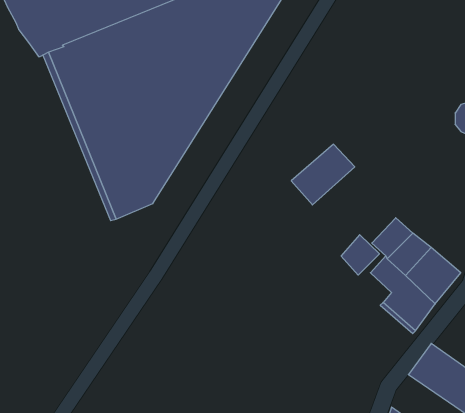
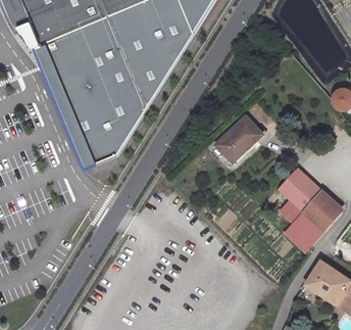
building: [341,235,379,275] -> none

